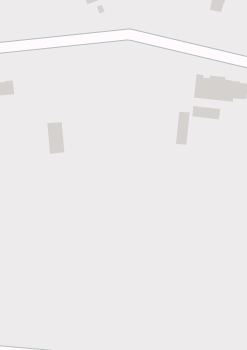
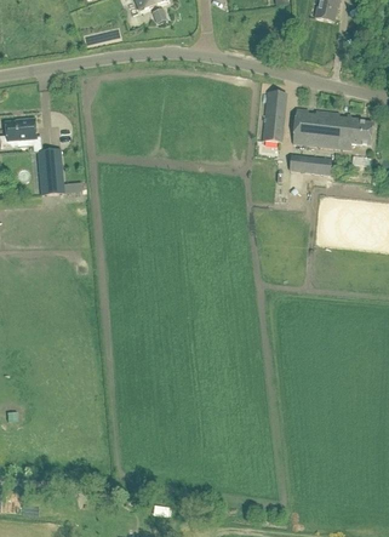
building: [175,111,190,145] -> [262,92,284,141]
building: [47,122,65,154] -> [38,149,64,195]

